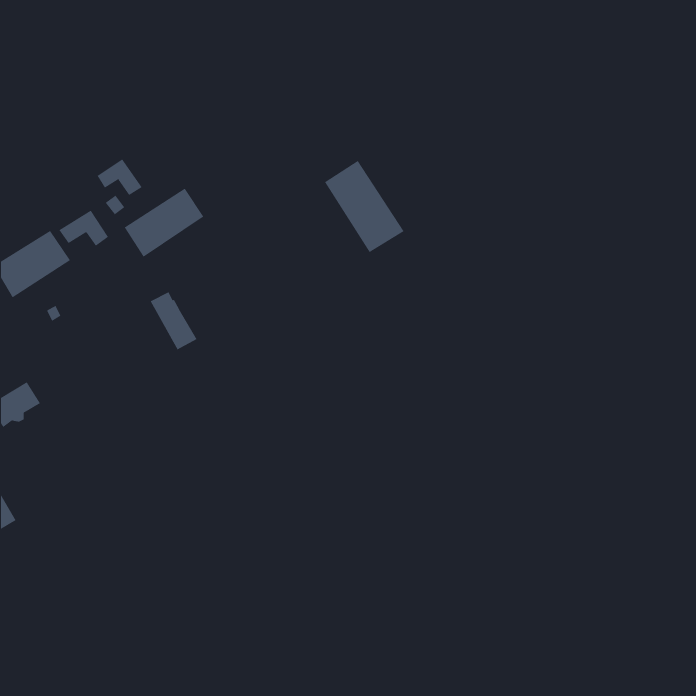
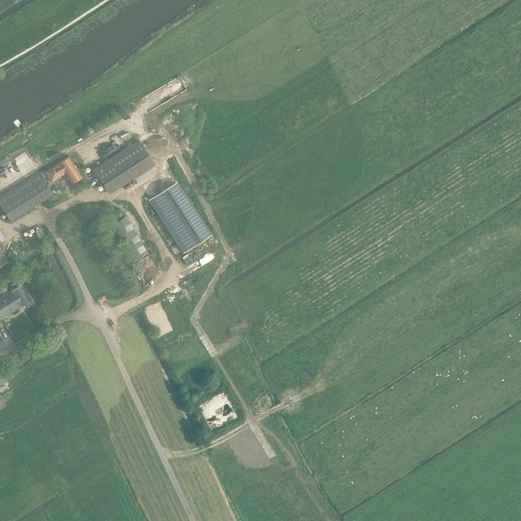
building: [97,158,142,196] -> none
building: [324,160,405,253] -> [150,183,210,252]

